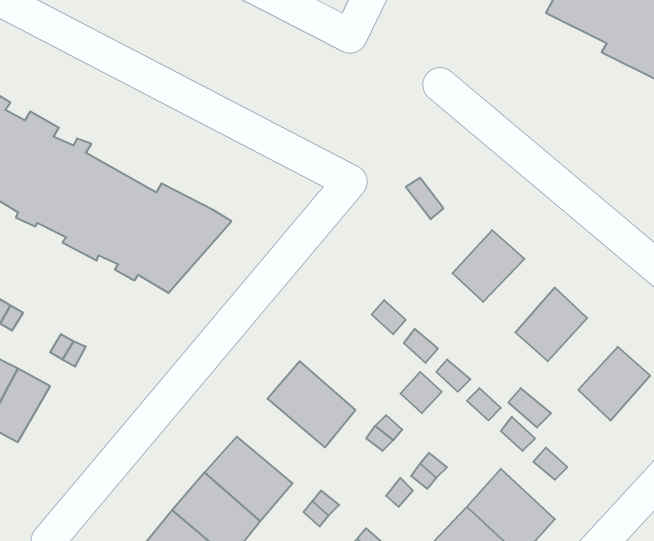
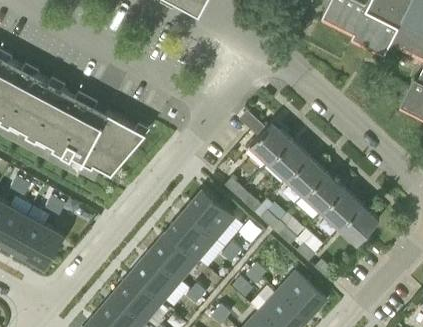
building: none -> [251,123,291,164]
building: none -> [286,156,326,197]
building: none -> [322,189,361,229]
building: none -> [184,192,234,240]
building: none -> [27,227,62,268]
building: none -> [149,234,198,281]

